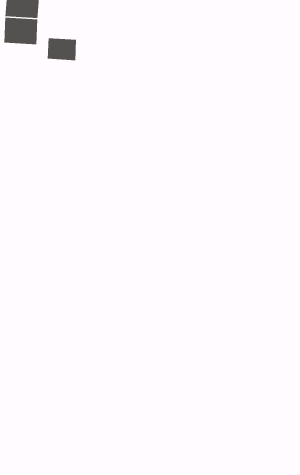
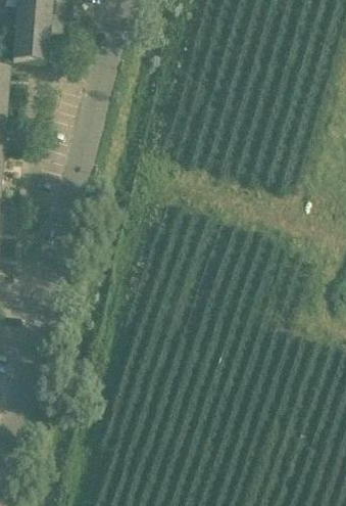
building: [47,37,77,61] -> none

